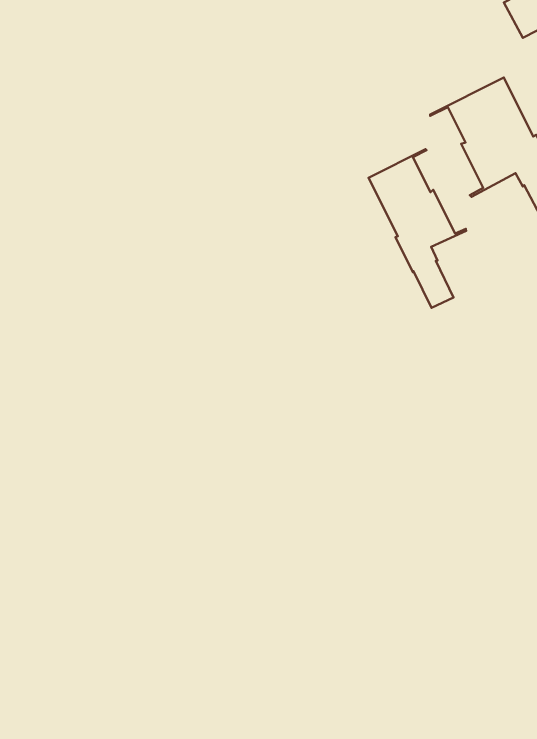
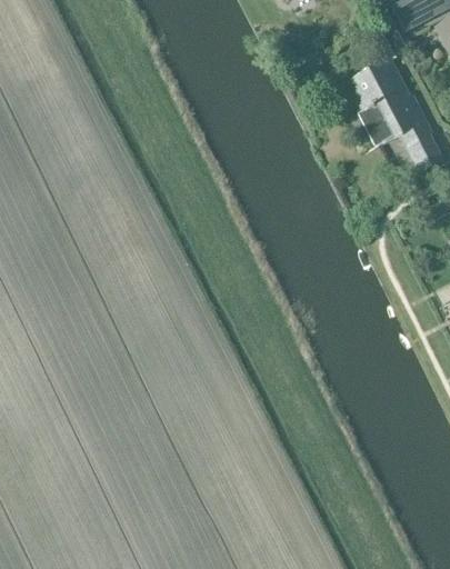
building: [369,149,466,308] -> none

